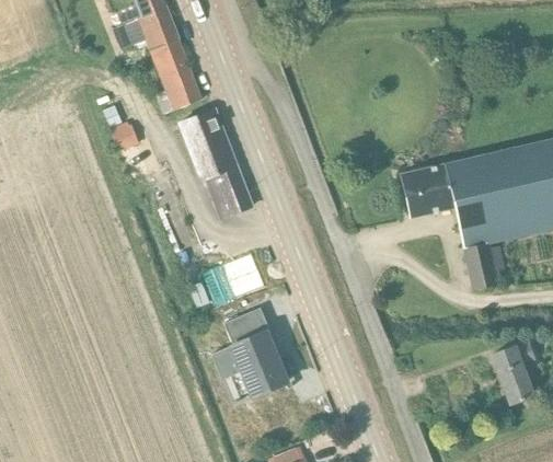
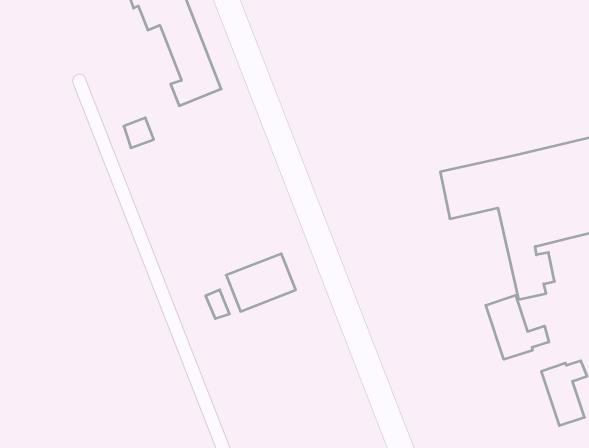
building: [181,108,253,218] -> none
building: none -> [486,295,549,359]
building: [211,309,289,397] -> none

